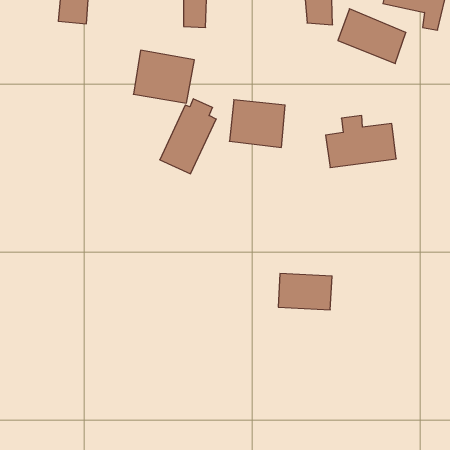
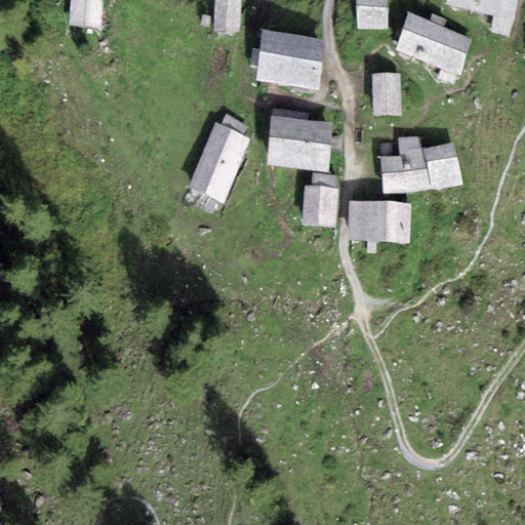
building: [133,50,194,103] -> [255,29,326,90]
building: none -> [372,71,401,115]
building: none -> [300,172,338,227]
building: [278,274,332,310] -> [347,200,409,242]

